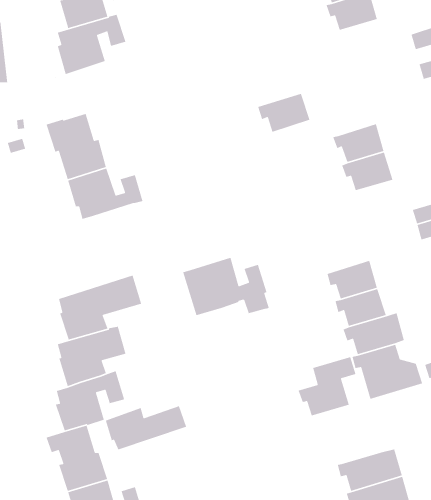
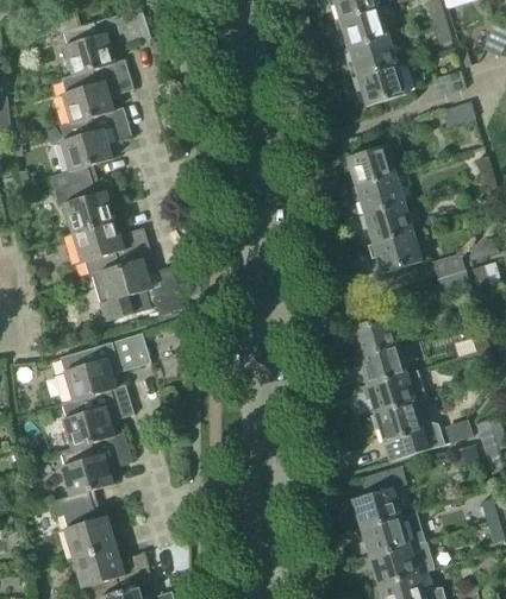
building: none -> [351,65,407,107]
building: none -> [60,106,132,170]
building: [257,93,311,133] -> [341,145,396,187]
building: none -> [369,233,423,273]
building: [182,257,270,316] -> [92,258,183,320]
building: [297,356,357,417] -> [345,466,407,529]
building: [105,405,187,450] -> none

